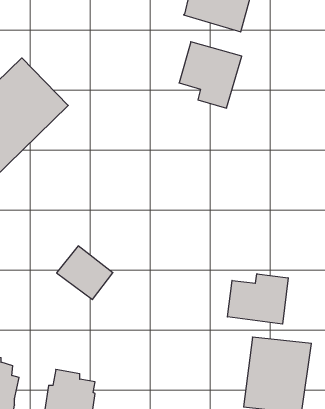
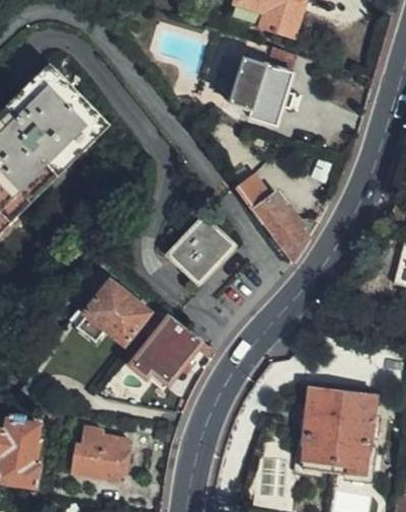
building: none -> [237,176,310,266]
building: none -> [169,217,233,281]
building: none -> [132,314,204,382]
building: [227,274,288,324] -> none

